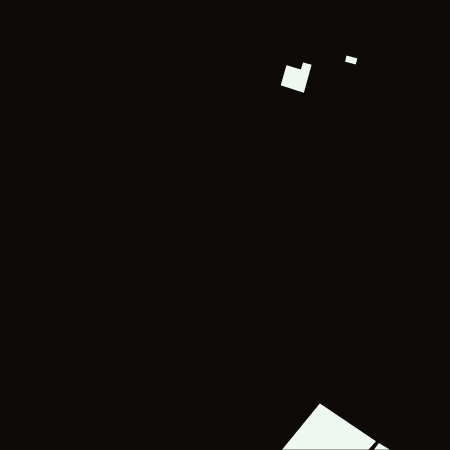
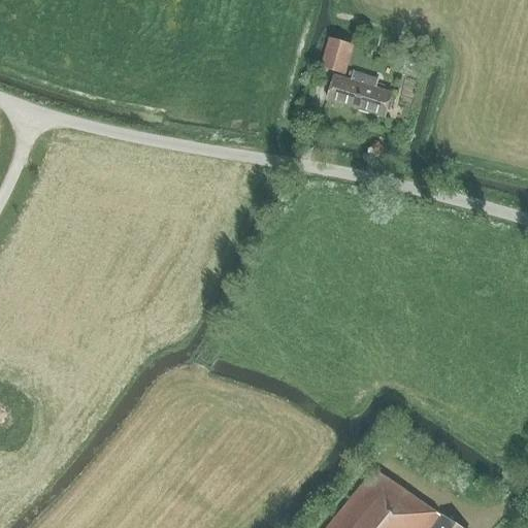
building: none -> [322,38,355,75]
building: none -> [357,75,393,118]

